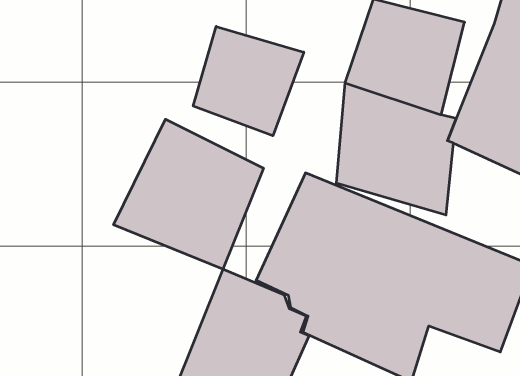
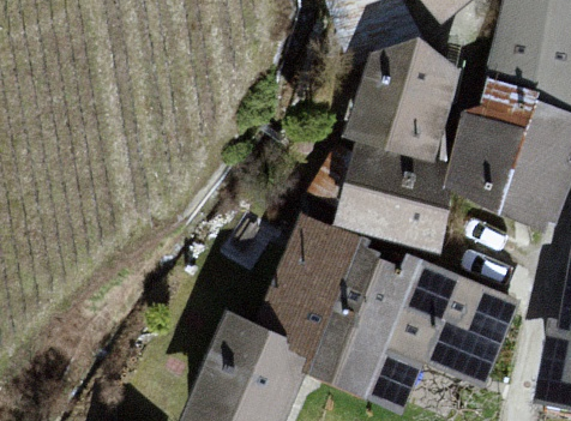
building: [193,26,304,136] -> none
building: [114,119,263,269] -> none

